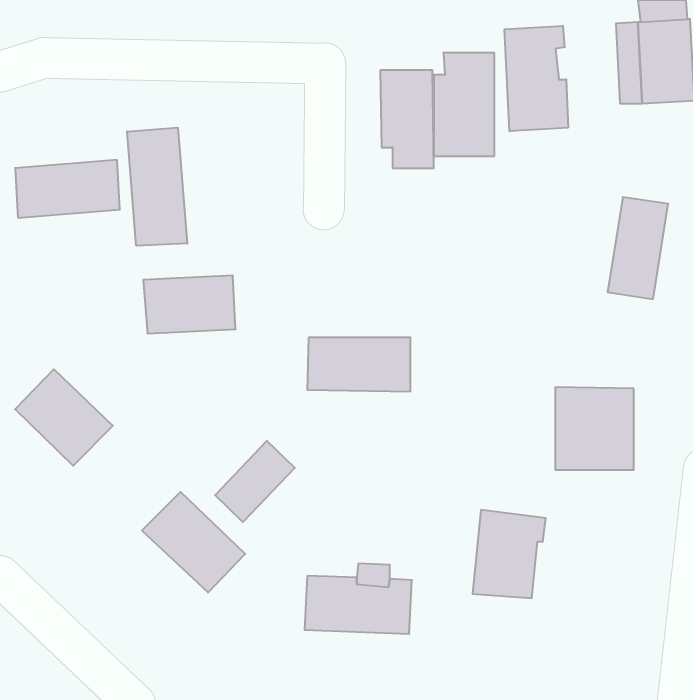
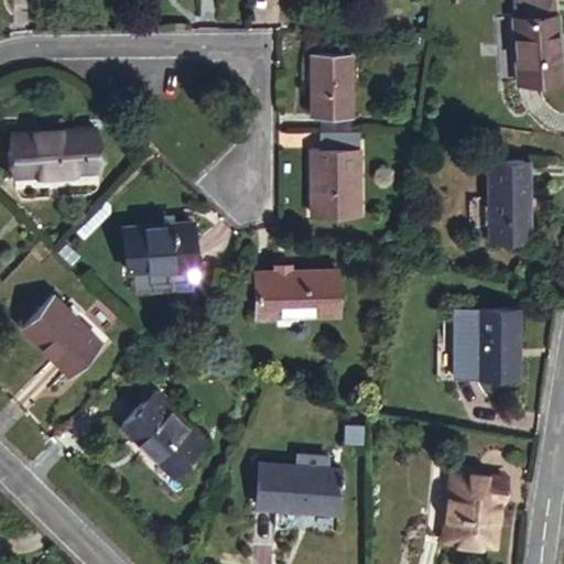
building: [504,26,568,131] -> none
building: [434,53,494,156] -> [313,138,361,220]
building: [127,128,187,246] -> none
building: [215,441,295,522] -> none
building: [473,510,546,598] -> [446,473,505,543]

